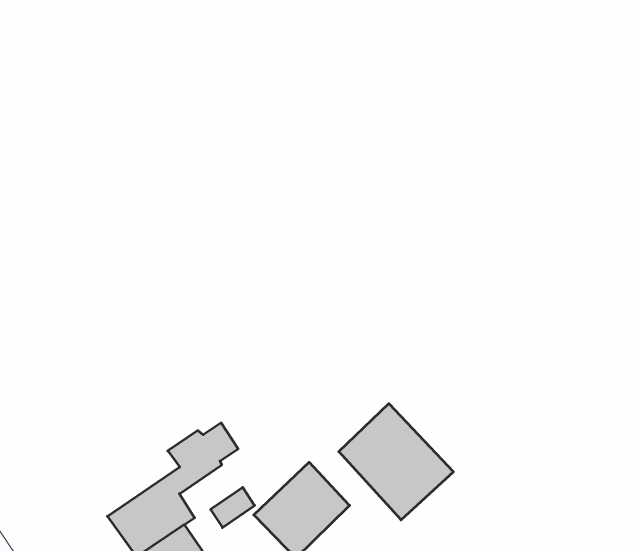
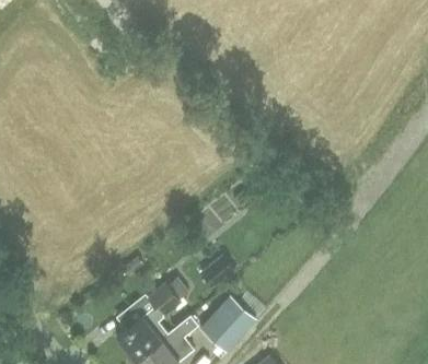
building: [339,404,453,520] -> none

